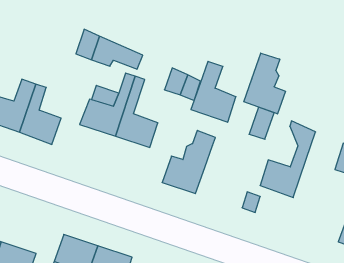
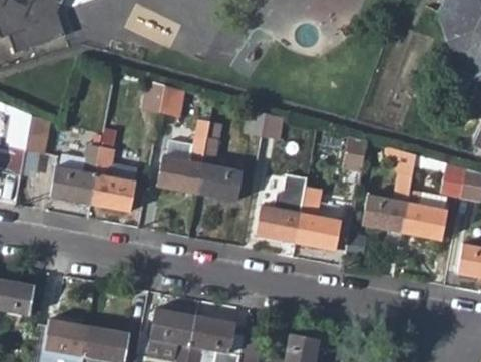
building: [244,53,285,114] -> none
building: [191,61,236,122] -> [294,188,341,251]
building: none -> [401,188,447,240]

